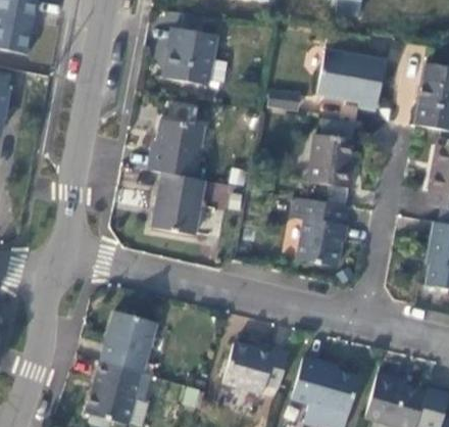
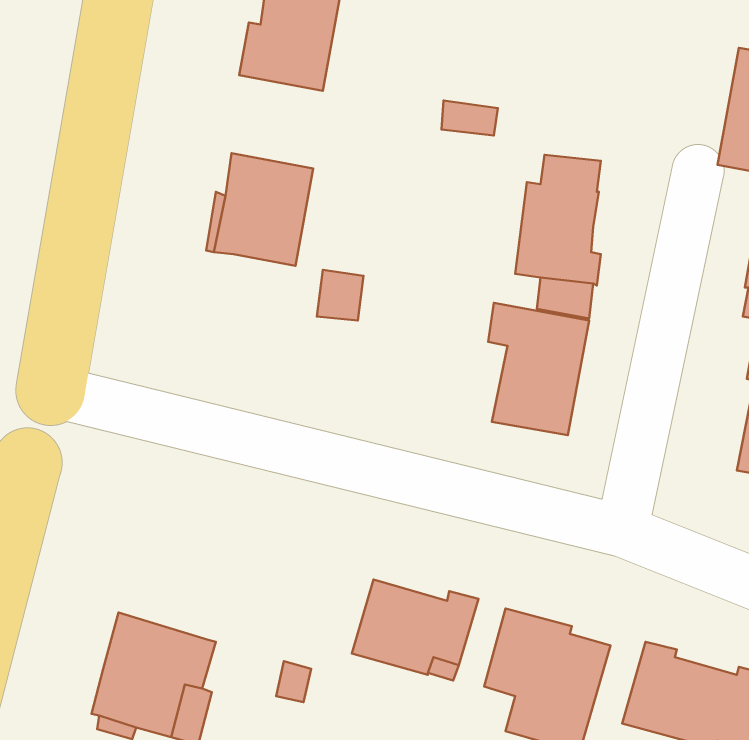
building: [316,50,384,108] -> none
building: [150,171,203,234] -> none
building: [100,311,153,373] -> none

